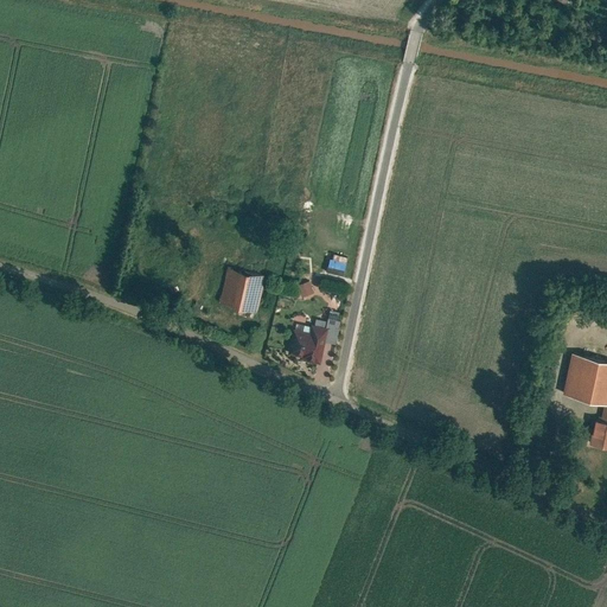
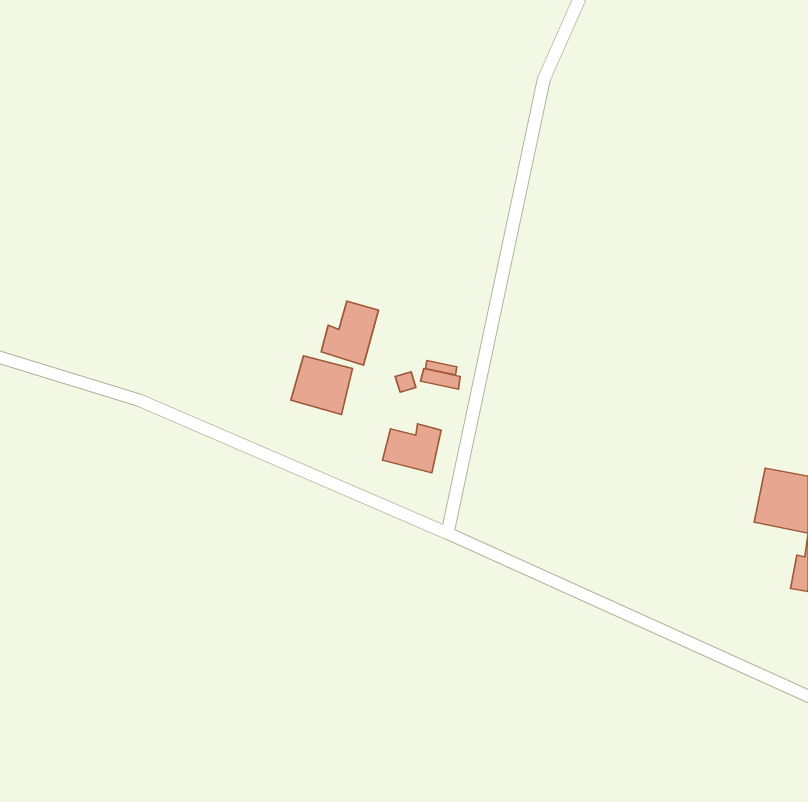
building: none -> [321,301,379,365]

